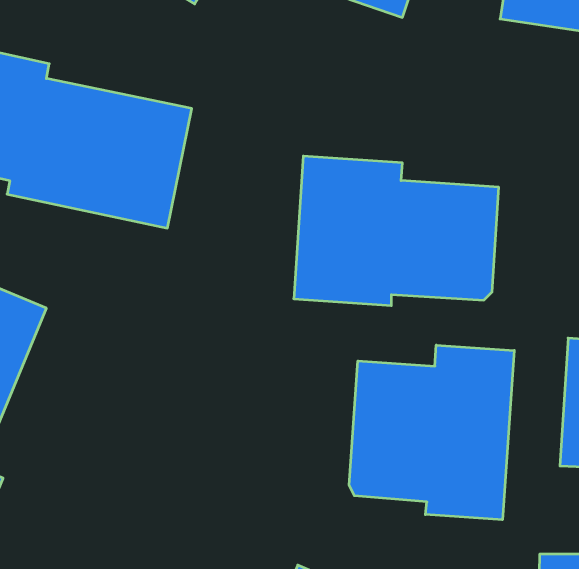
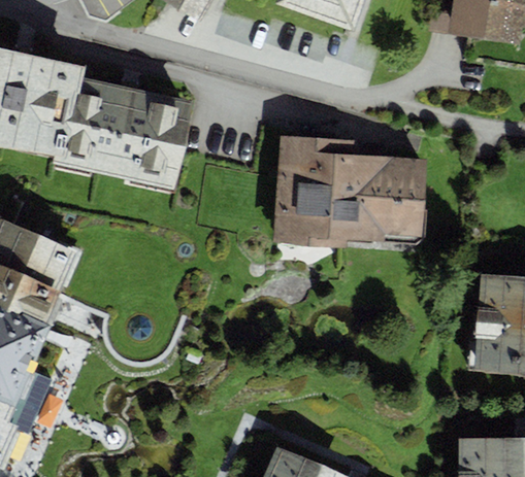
building: [349,345,514,520] -> none

